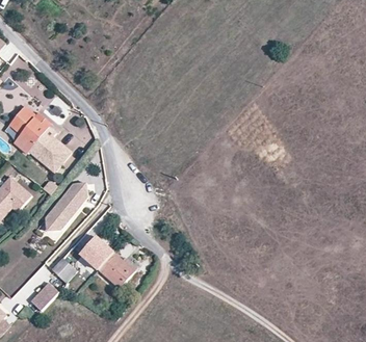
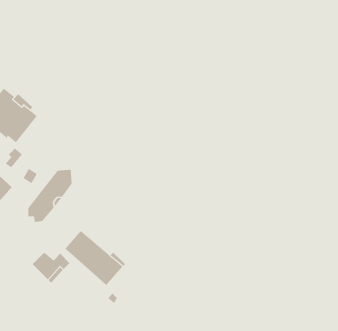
building: [35,135,72,172] -> none
building: [29,280,58,310] -> none

